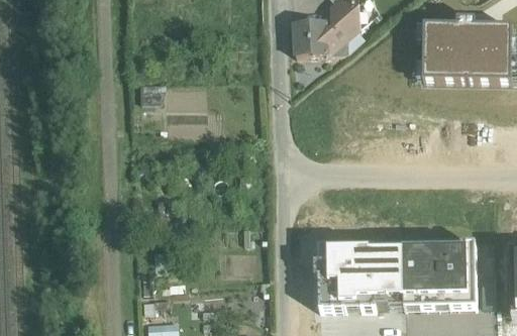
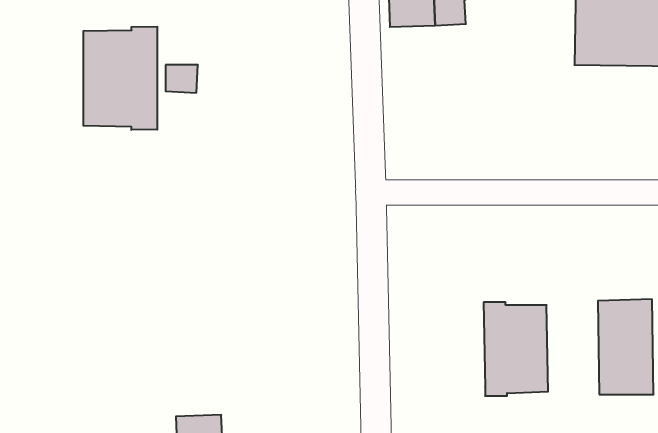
building: none -> [83,27,157,130]
building: [403,242,439,308] -> none
building: [318,243,360,309] -> none

